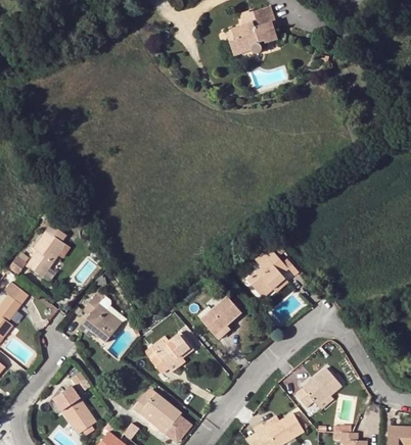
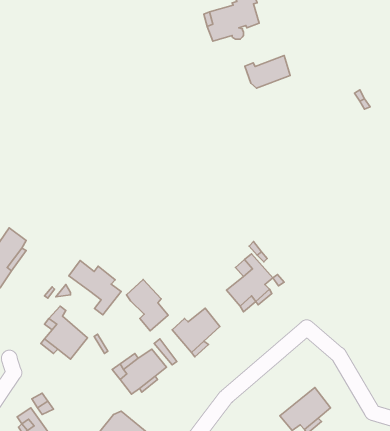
building: none -> [245,55,290,88]
building: none -> [69,260,121,315]
building: none -> [126,279,168,331]

